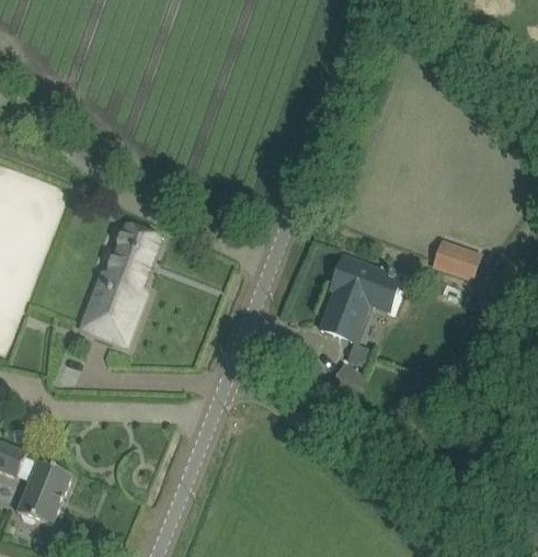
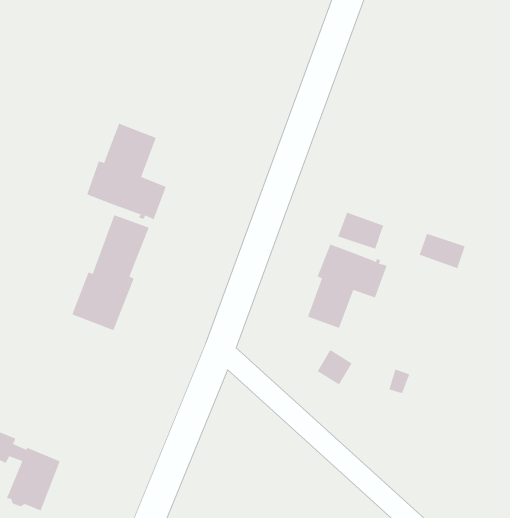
building: none -> [87,123,167,220]
building: none -> [338,212,384,250]

